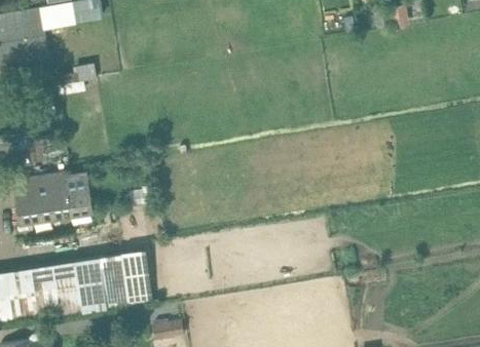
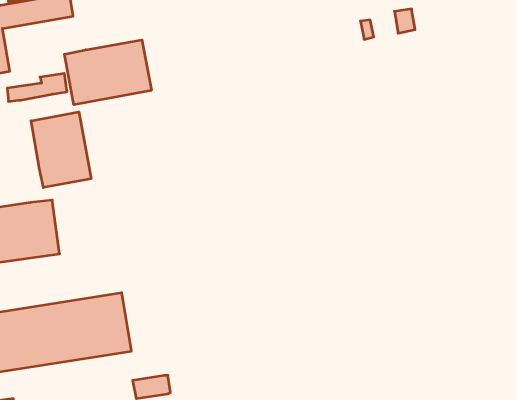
building: none -> [64,40,151,105]
building: none -> [31,112,91,188]

